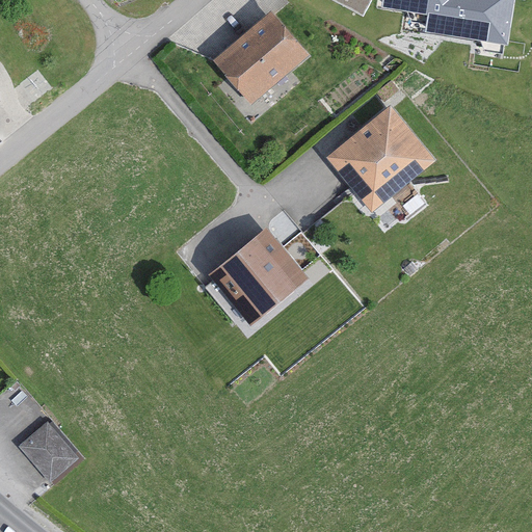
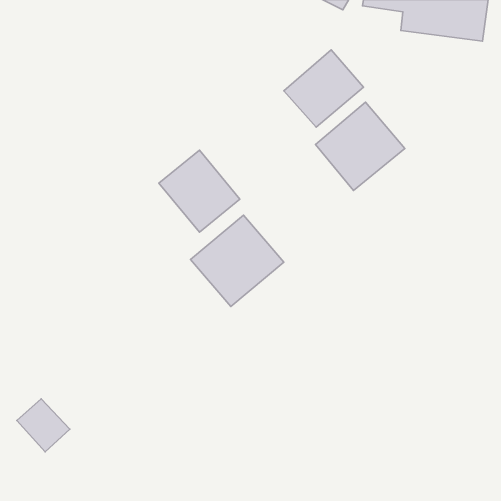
building: [223,15,308,97] -> [284,50,363,127]
building: none -> [159,150,240,232]

